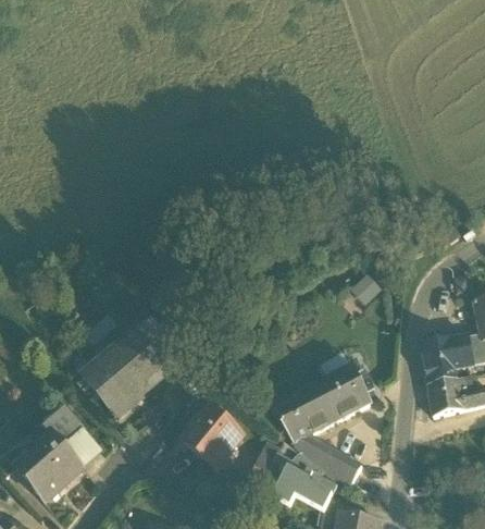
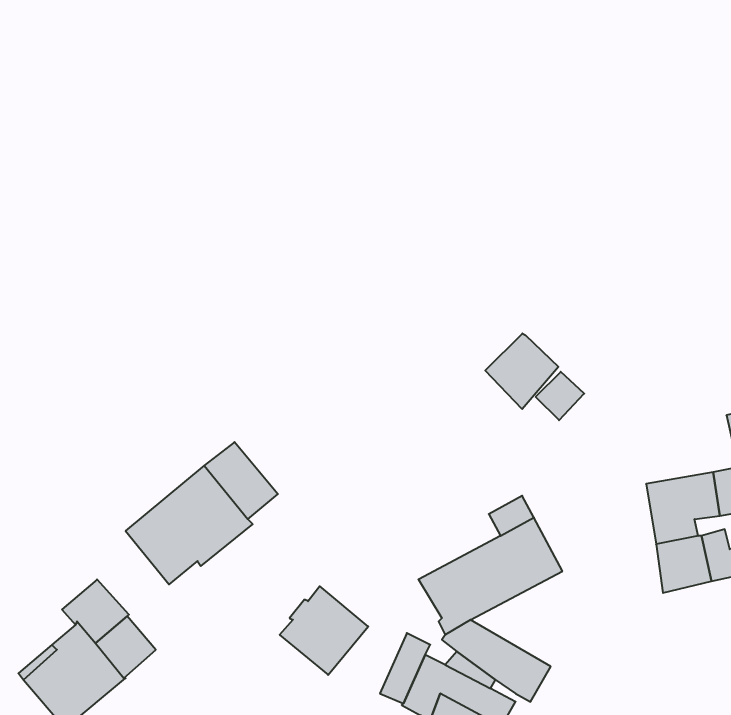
building: none -> [485,333,558,409]

